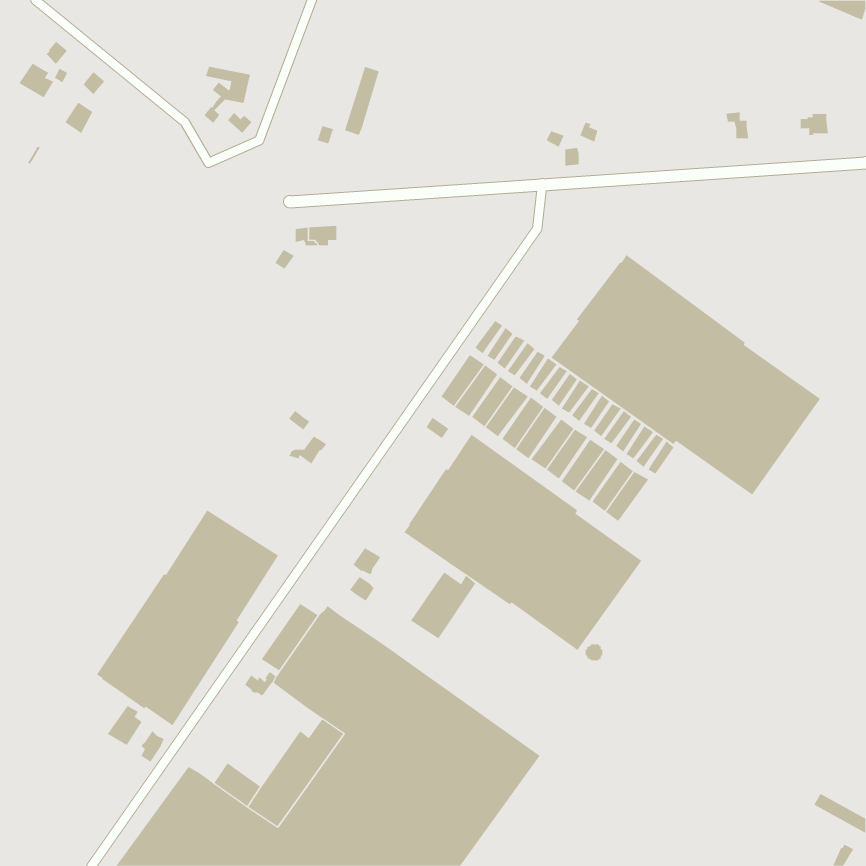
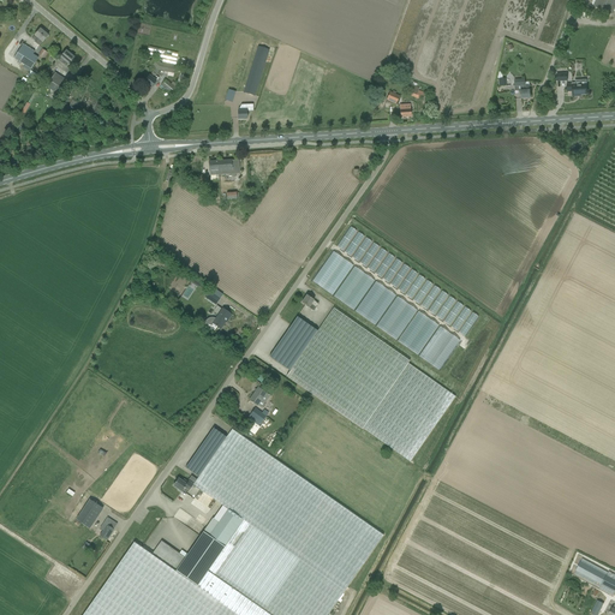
building: [550,254,821,496] -> none
building: [96,509,279,726] -> none
building: [410,571,476,639] -> [269,323,316,371]

